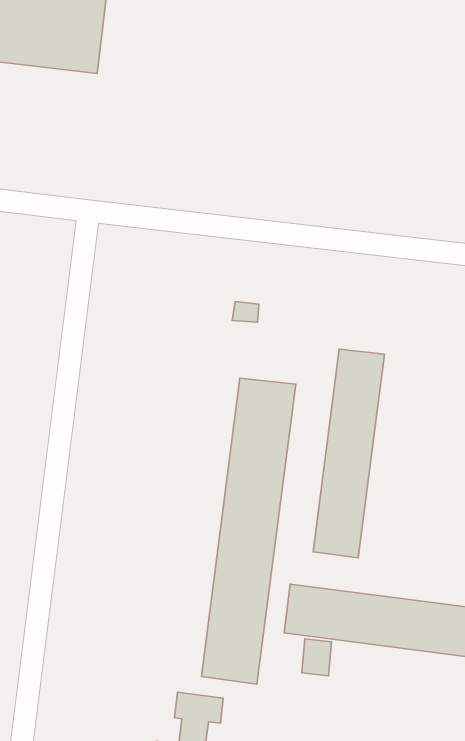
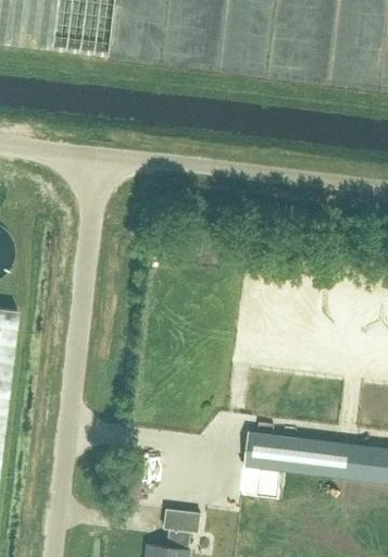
building: [313,349,384,558] -> none
building: [201,378,296,684] -> none

